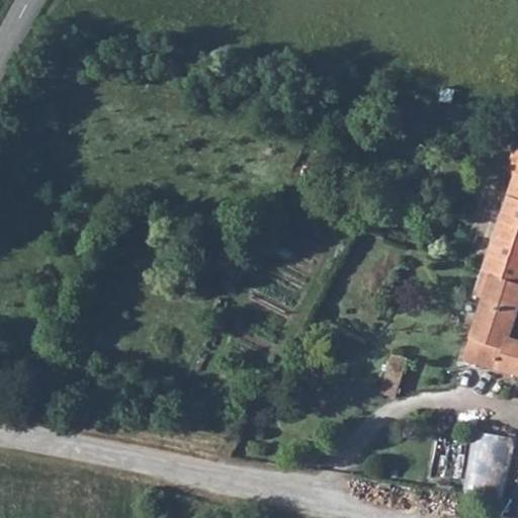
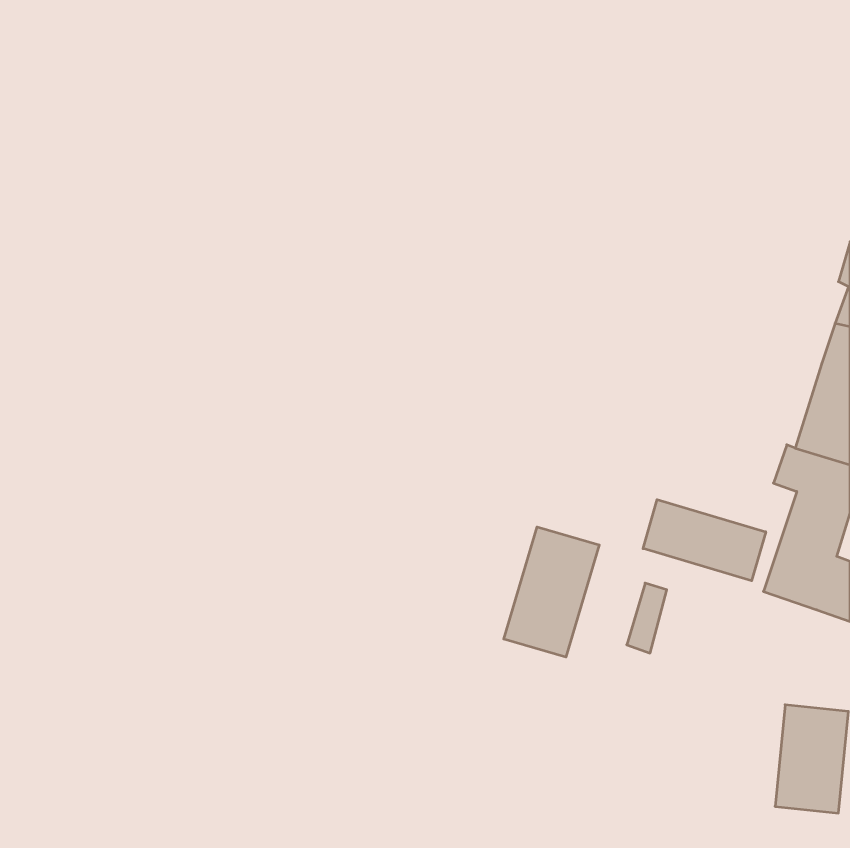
building: none -> [643,500,766,581]
building: none -> [504,527,599,657]

